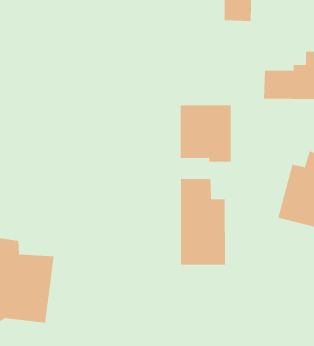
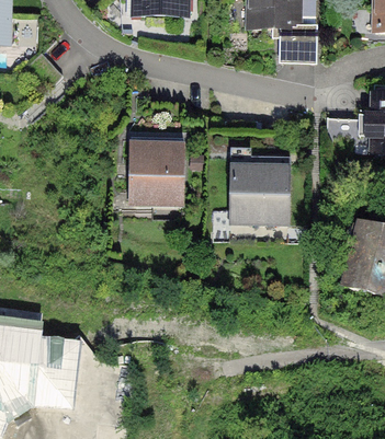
building: none -> [129,140,183,200]
building: [180,178,225,265] -> none

